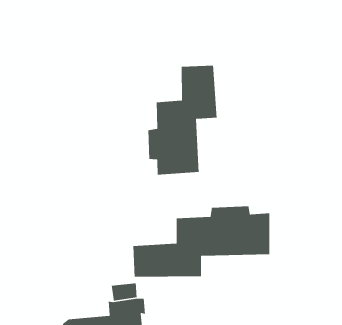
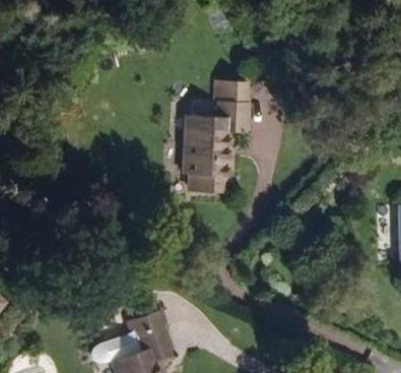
building: [133,206,270,278] -> none

